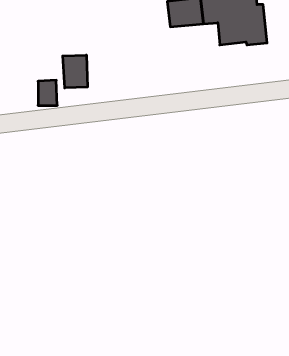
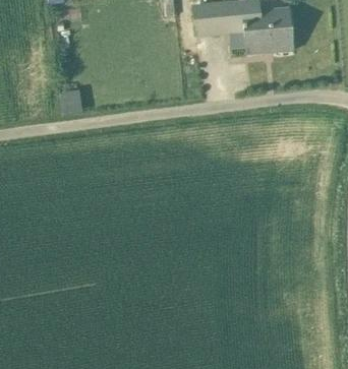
building: [63,55,87,88] -> none

